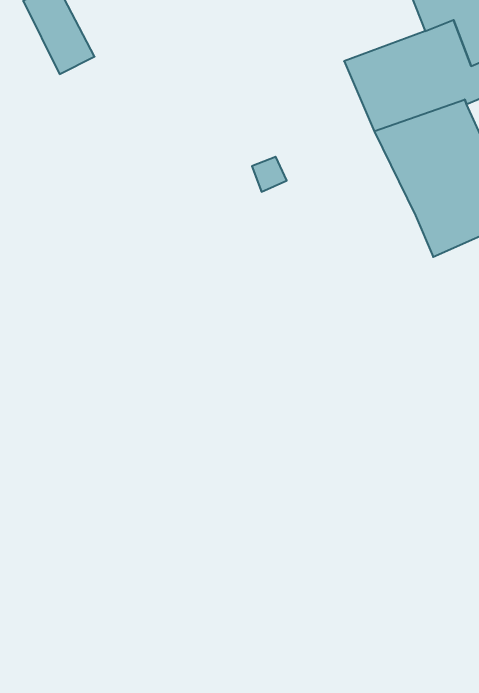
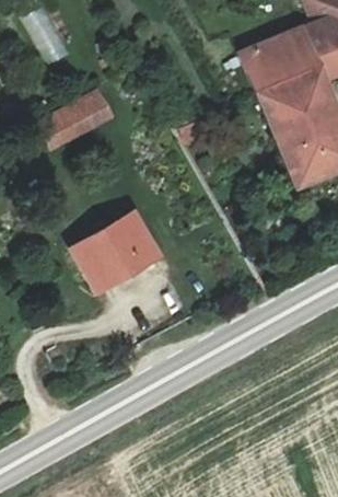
building: none -> [35,85,113,147]
building: none -> [77,216,164,293]

